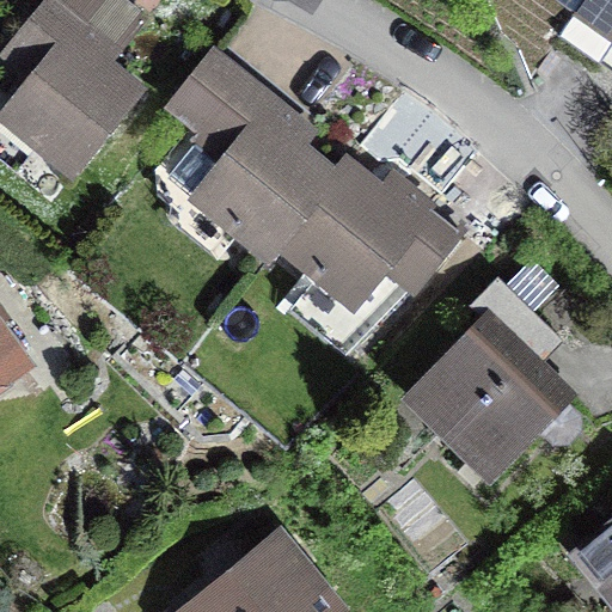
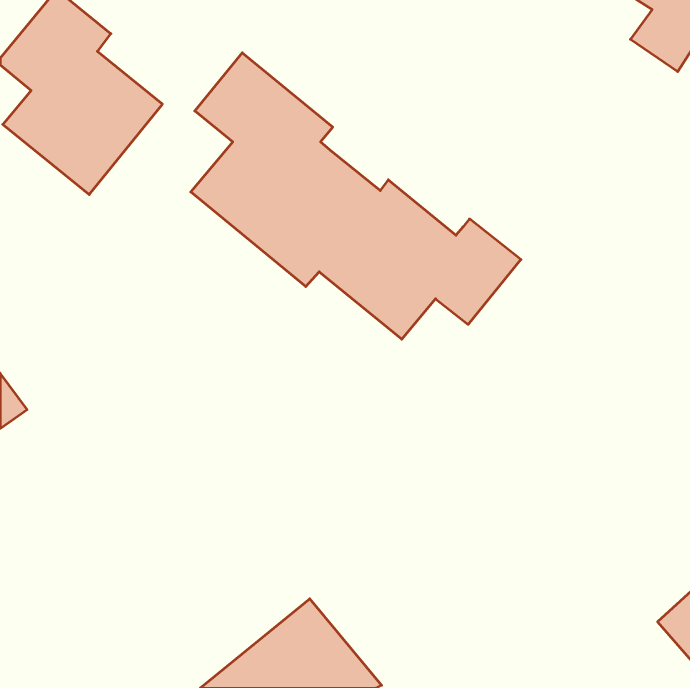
building: [399,277,580,491] -> none

